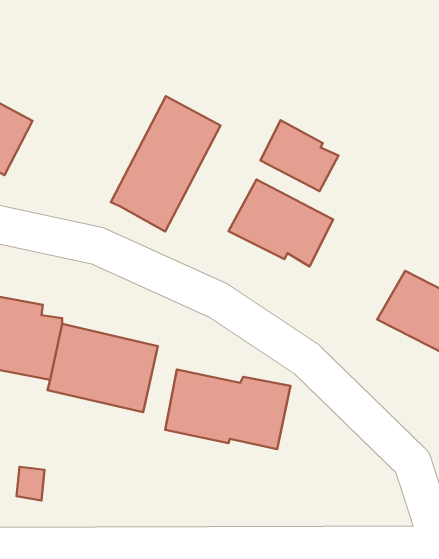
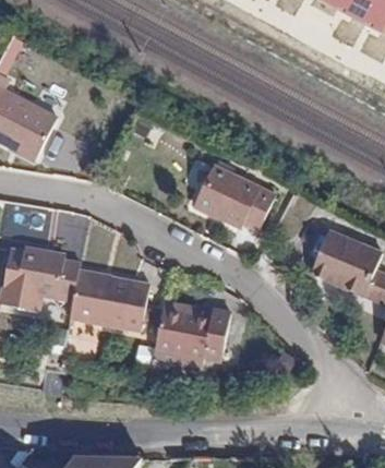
building: [111,96,220,231] -> none
building: [260,120,339,191] -> none

